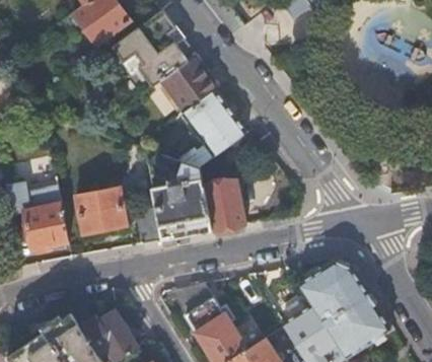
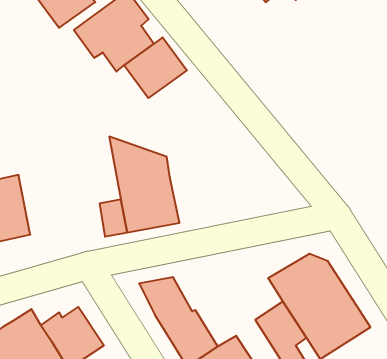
building: [179,89,246,158] -> none
building: [202,176,243,231] -> none
building: [75,188,127,235] -> none

